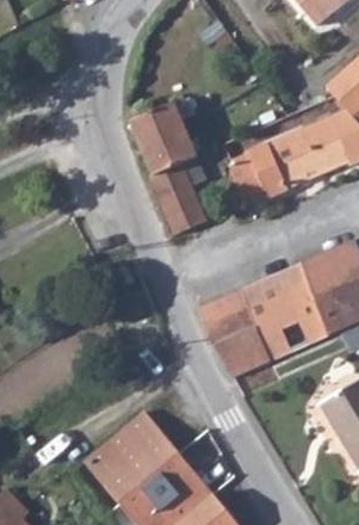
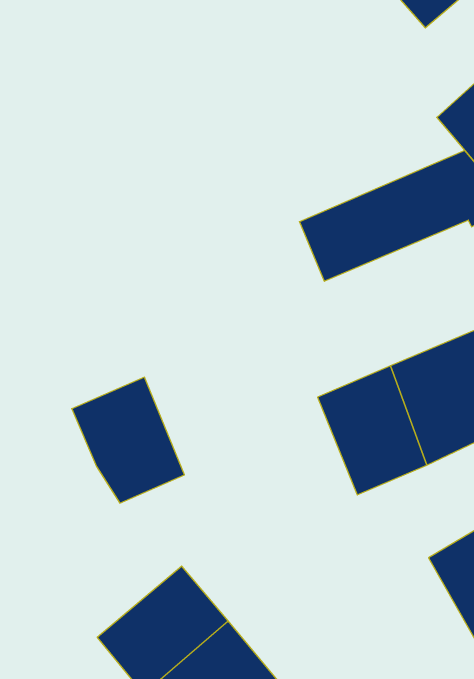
building: [130,101,208,235] -> none
building: [190,288,271,378] -> [72,377,184,503]

